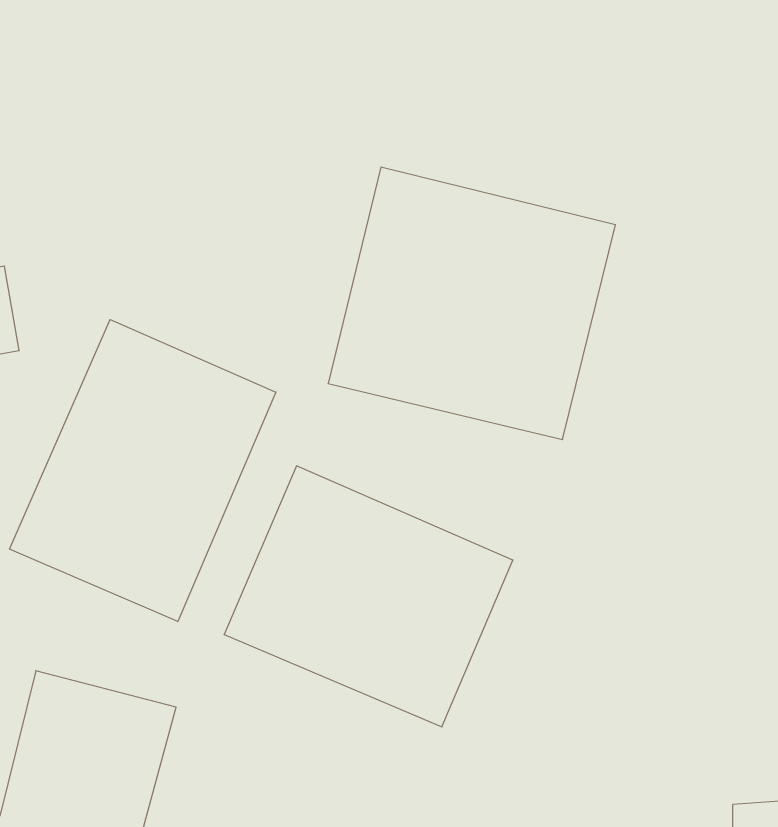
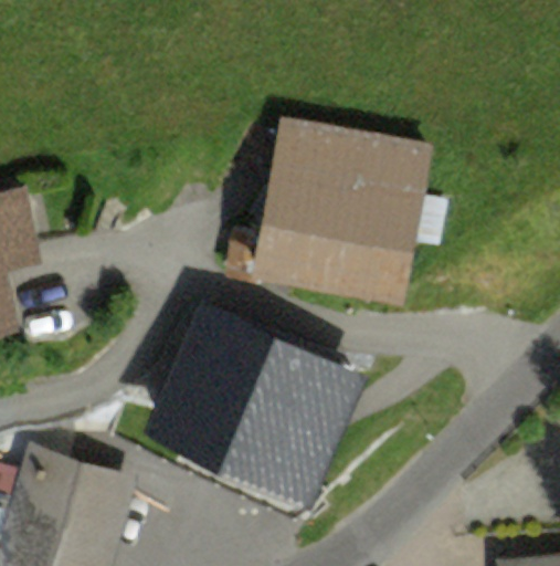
building: [10,320,276,622] -> none

